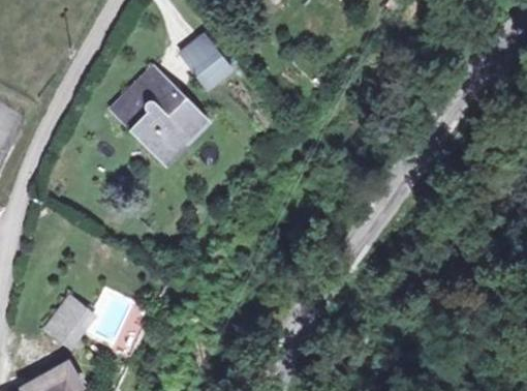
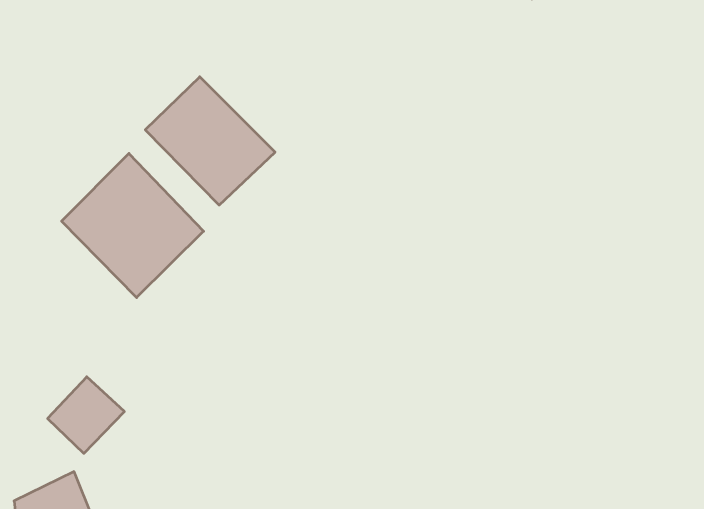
building: [183,31,235,85] -> none
building: none -> [62,153,204,298]

